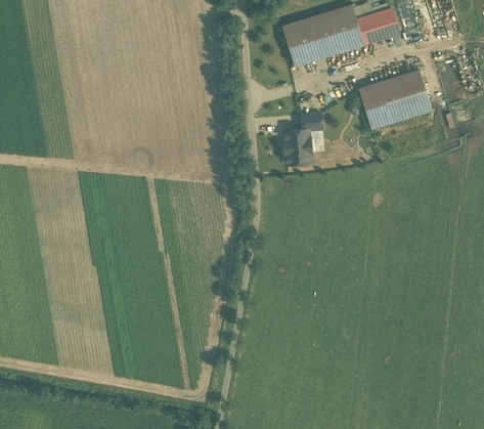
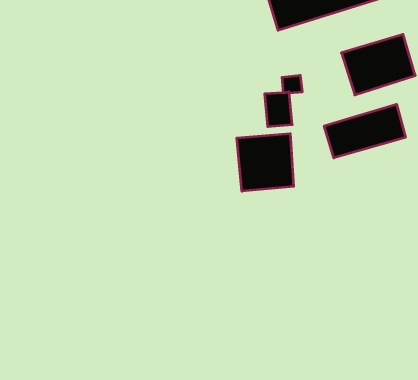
building: none -> [324,104,405,158]
building: none -> [237,134,294,191]

